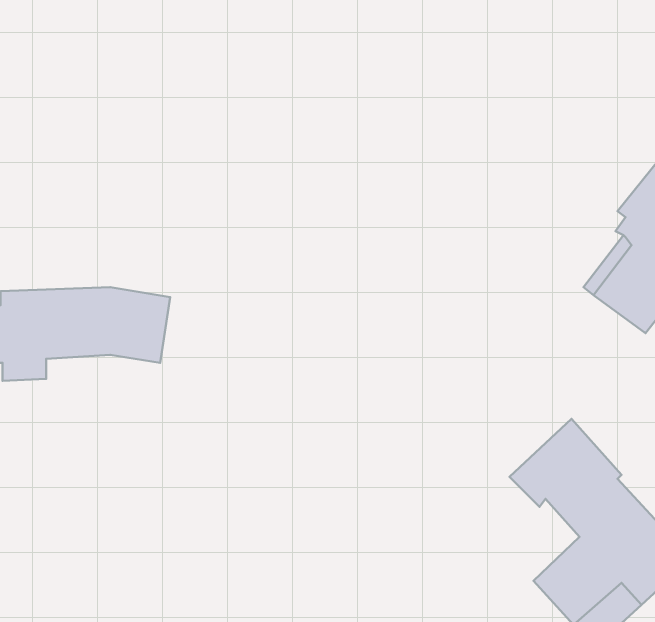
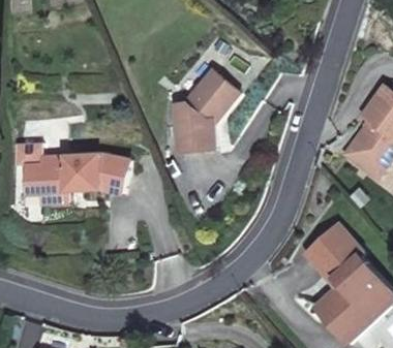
building: none -> [175,70,239,152]

